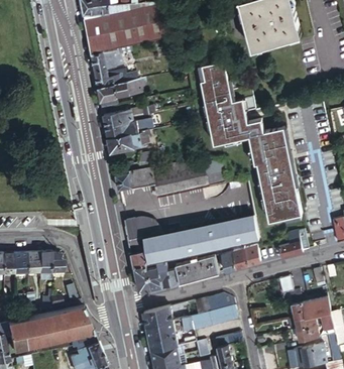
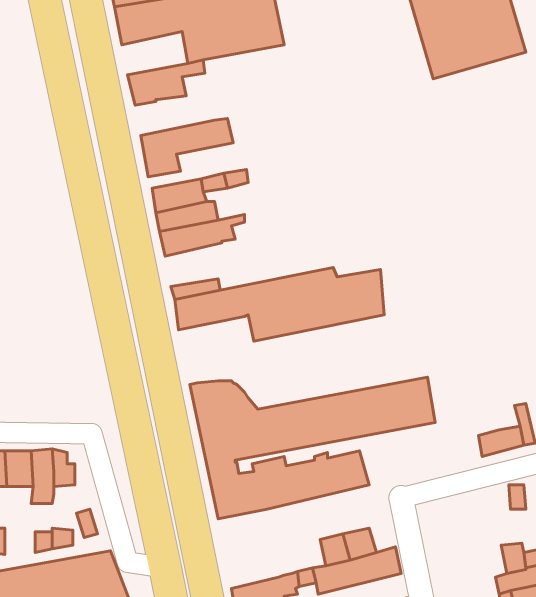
building: [89,30,124,53] -> none
building: [197,60,301,220] -> none
building: [96,67,138,86] -> none
building: [224,240,261,270] -> none
building: [144,305,173,328] -> none

